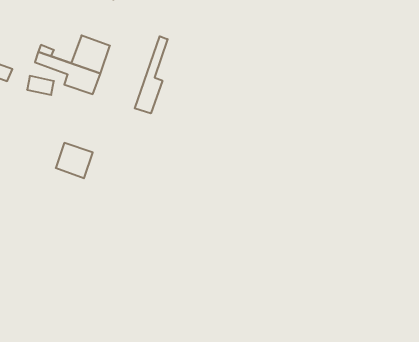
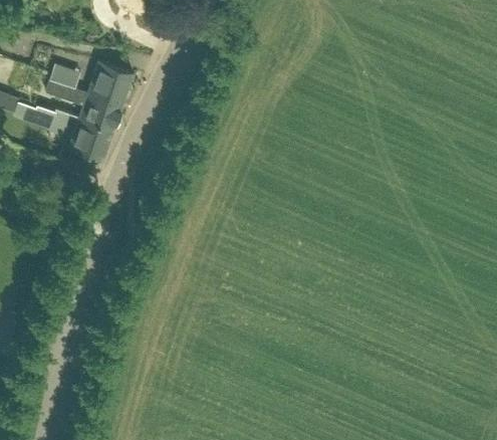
building: [135,36,168,113] -> none
building: [56,143,93,178] -> [71,119,114,160]

